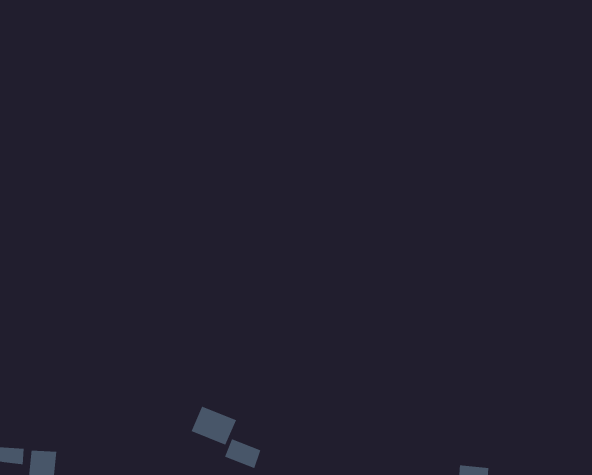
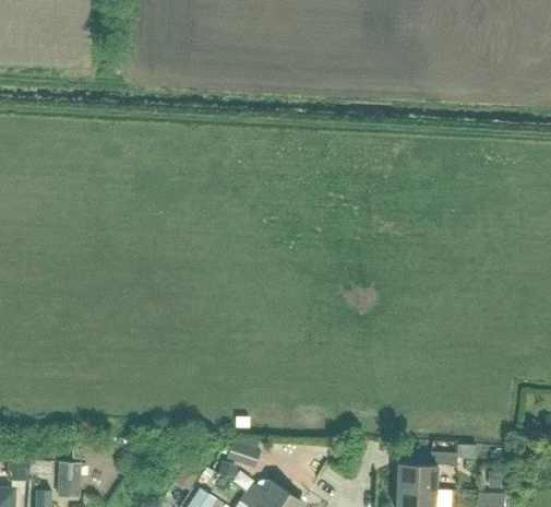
building: [191,406,237,445] -> none

